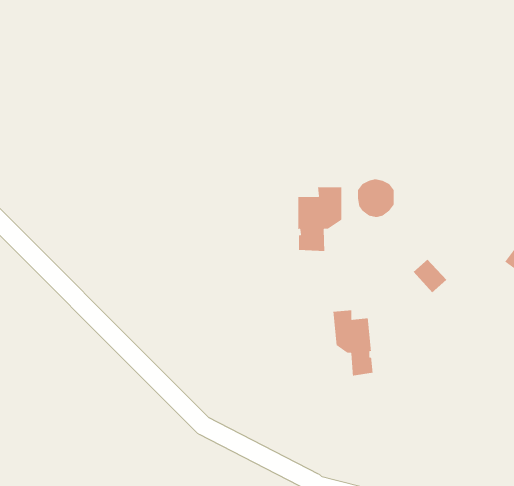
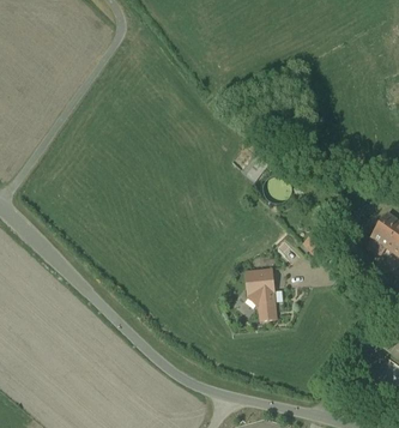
building: [298,186,342,252] -> none

